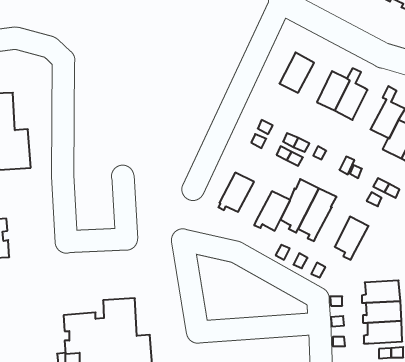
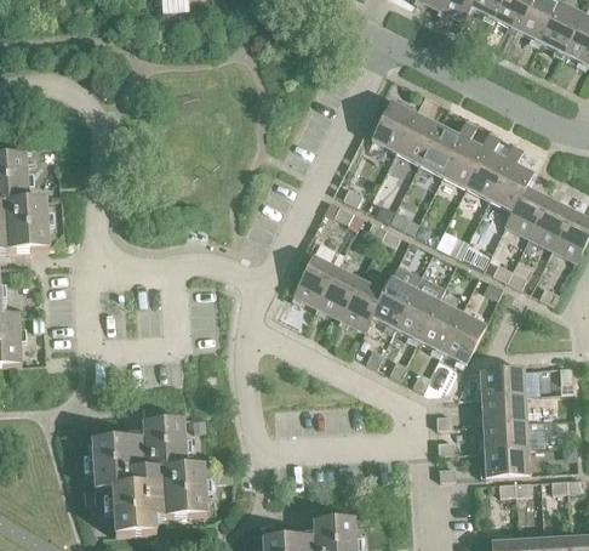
building: none -> [395,113,439,164]
building: none -> [465,132,509,199]
building: none -> [315,267,361,318]
building: none -> [418,300,462,356]
building: none -> [475,368,525,397]

